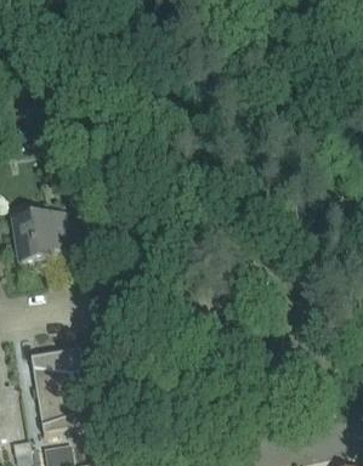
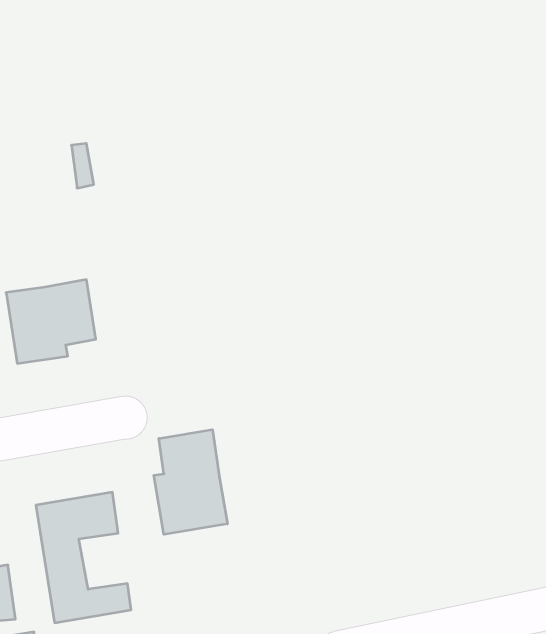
building: none -> [154,430,227,534]

